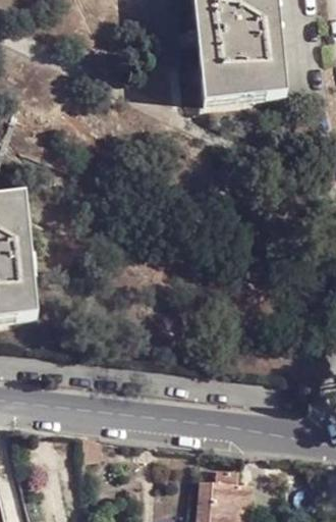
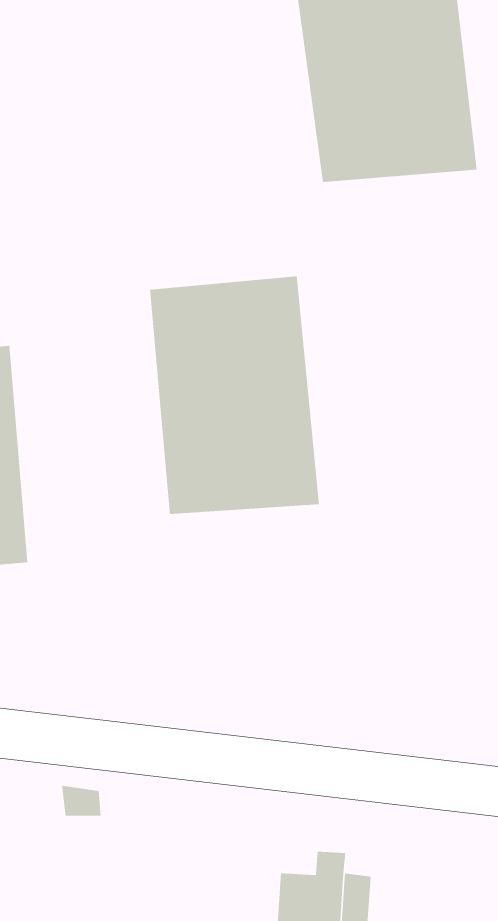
building: none -> [149,276,320,515]

